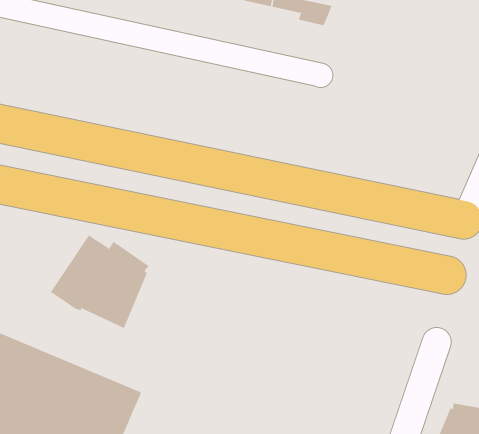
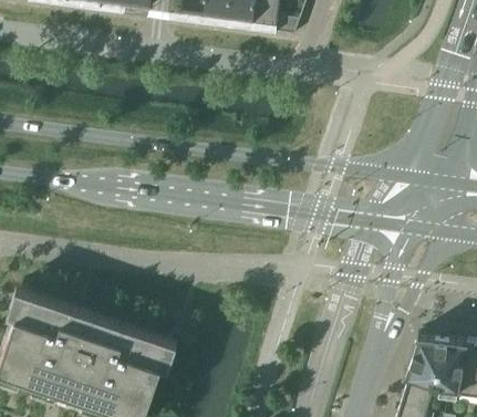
building: [49,234,149,329] -> none

